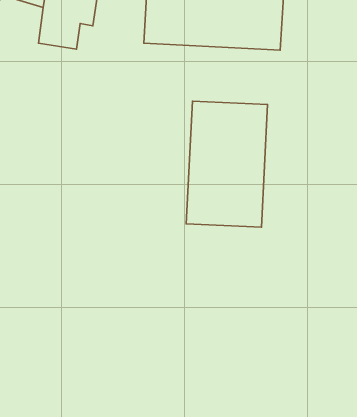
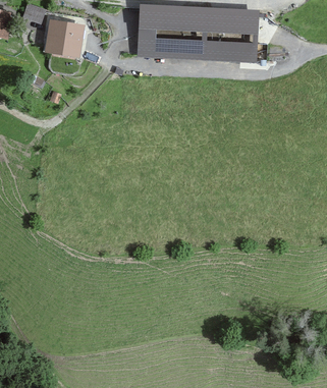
building: [186,101,268,227] -> none

